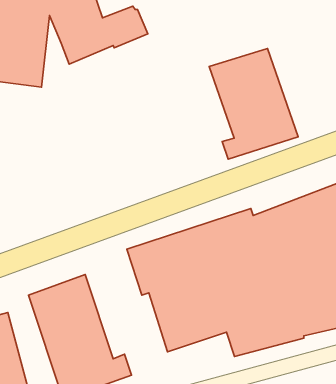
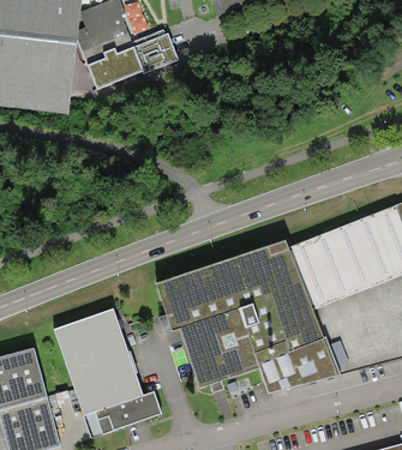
building: [209,48,298,159] -> none

